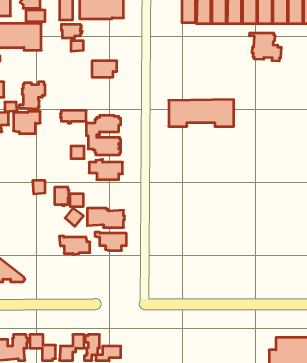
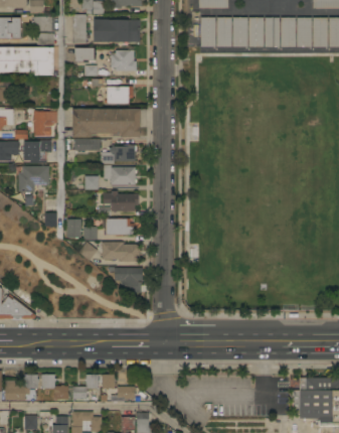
building: none -> [111,50,137,70]
building: [250,33,281,61] -> none
building: [169,100,234,126] -> [72,109,141,137]
building: none -> [18,166,49,192]
building: [59,236,90,254] -> [102,218,134,237]

